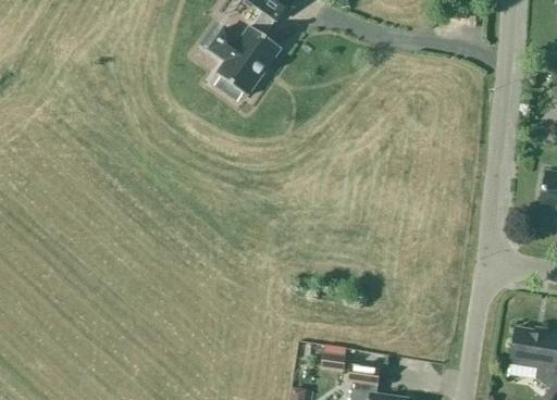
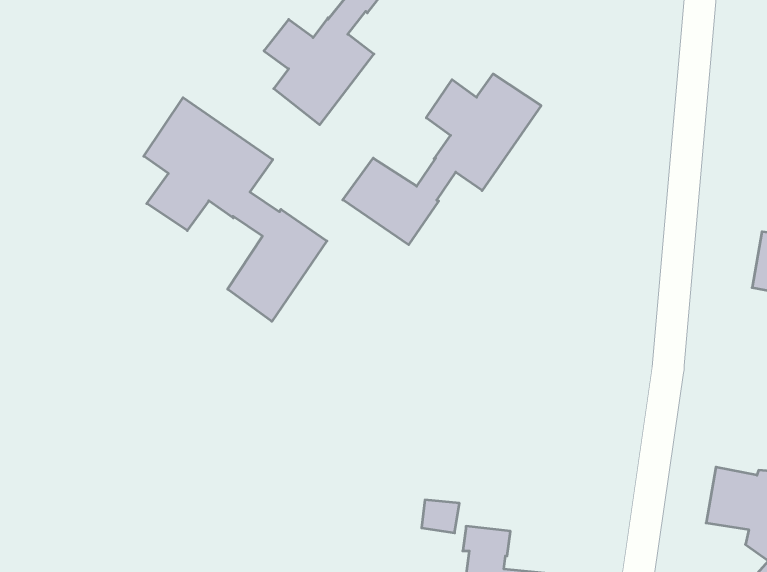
building: none -> [343,74,541,245]
building: none -> [144,98,327,321]

